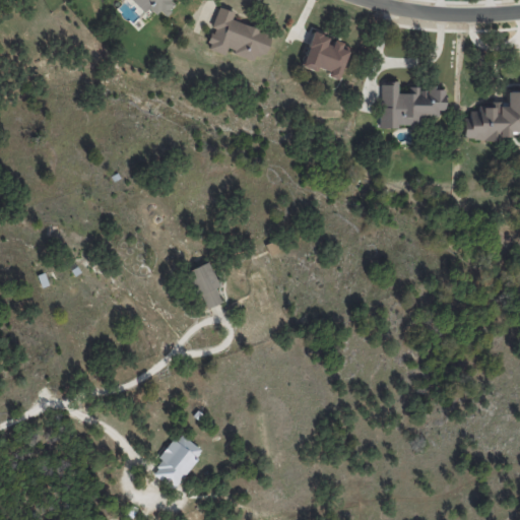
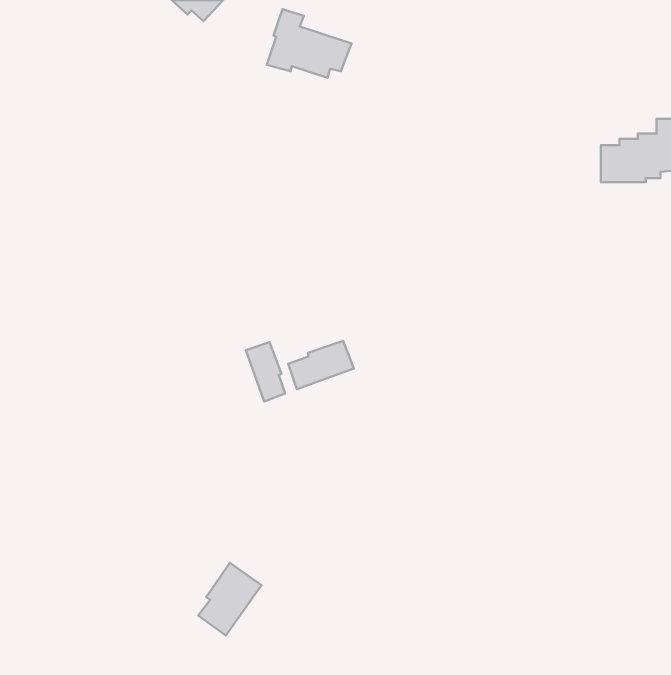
building: [303,31,351,80] -> none
building: [381,81,445,127] -> none
building: none -> [288,341,354,389]

